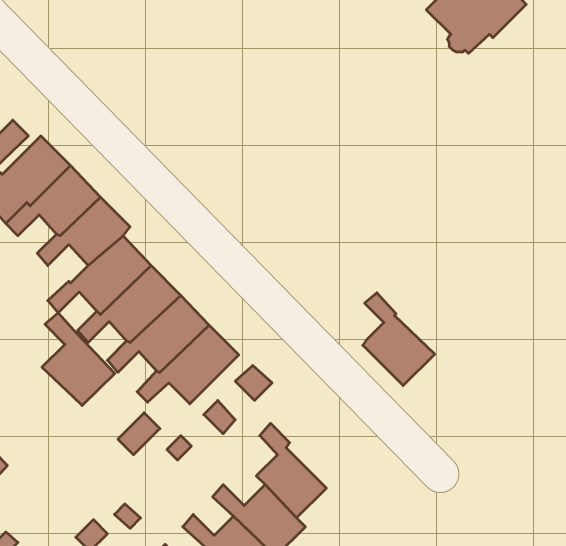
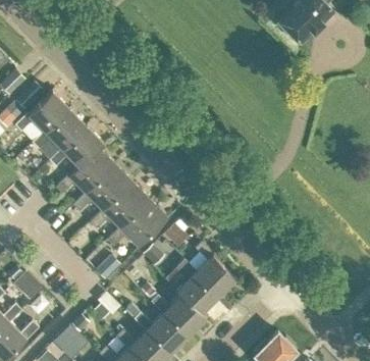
building: [363,293,435,386] -> [194,242,235,296]
building: [42,313,115,406] -> none

